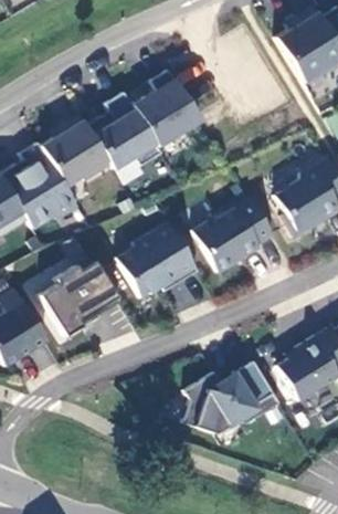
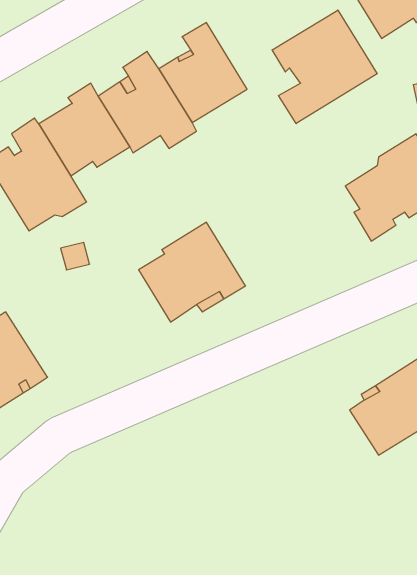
building: none -> [272,10,377,124]
building: [194,196,275,270] -> none
building: [41,259,123,335] -> none
building: [184,358,282,431] -> none

